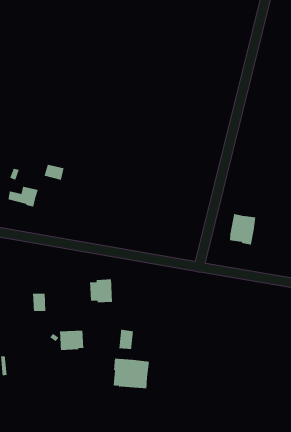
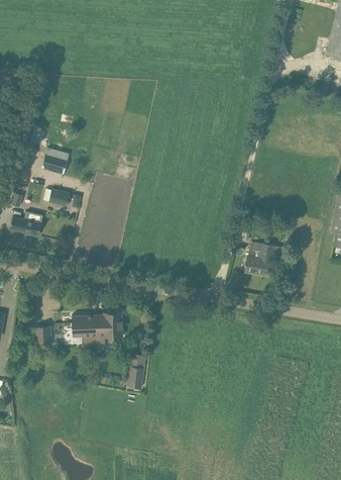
building: none -> [41,151,69,175]
building: [59,330,84,351] -> [72,314,98,337]
building: [111,358,150,389] -> none

